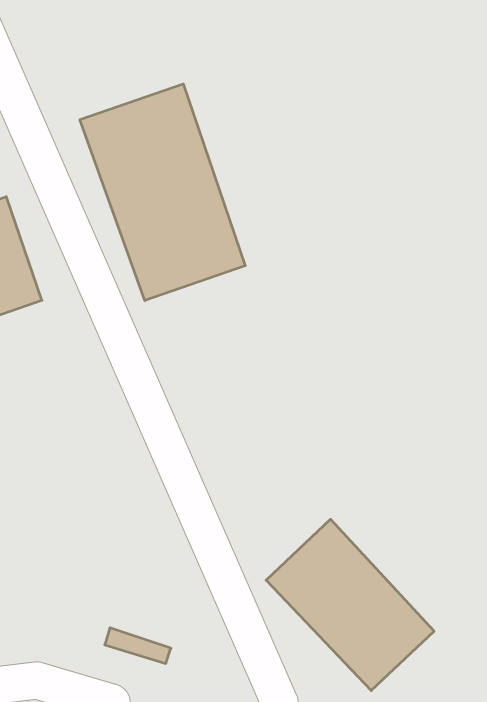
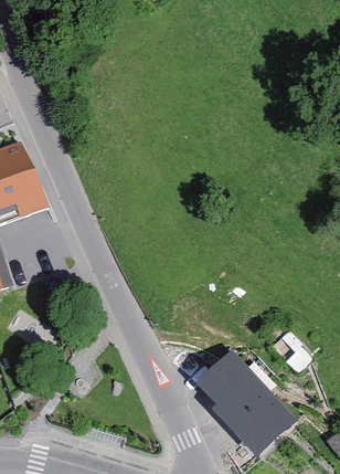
building: [80,84,245,301] -> none

